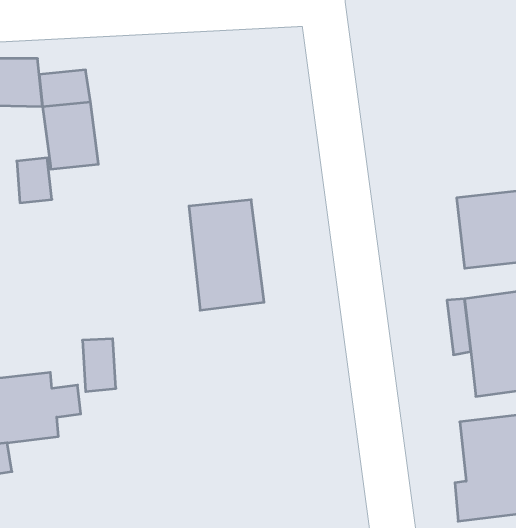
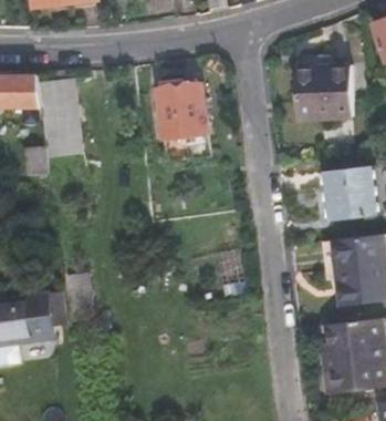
building: none -> [296,65,352,117]
building: [189,200,264,310] -> [157,82,209,158]

